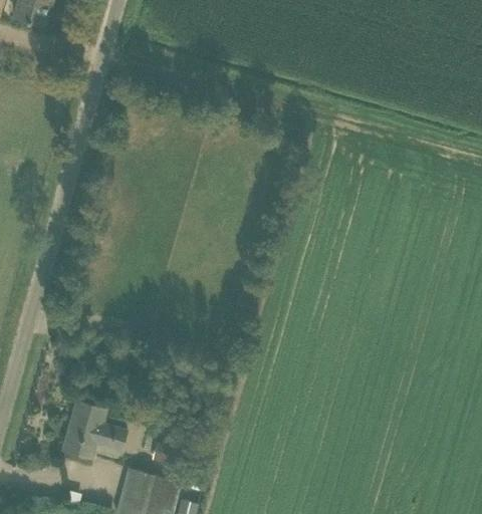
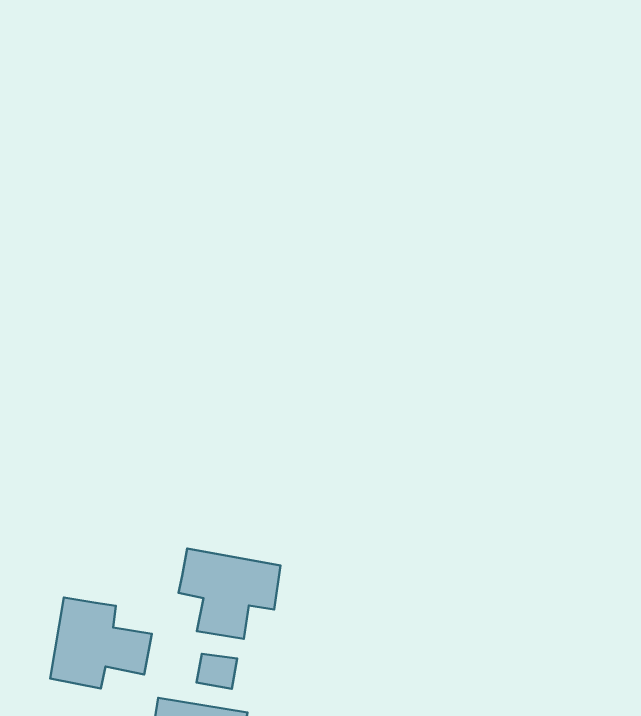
building: none -> [178,549,281,639]

